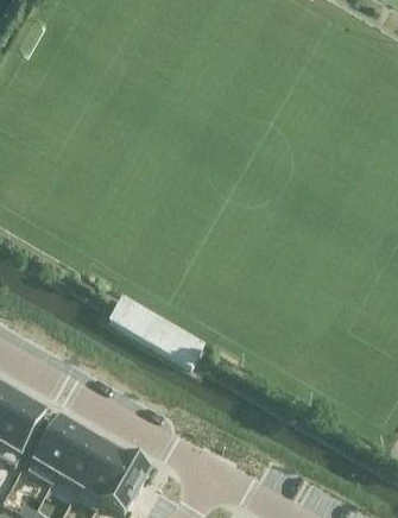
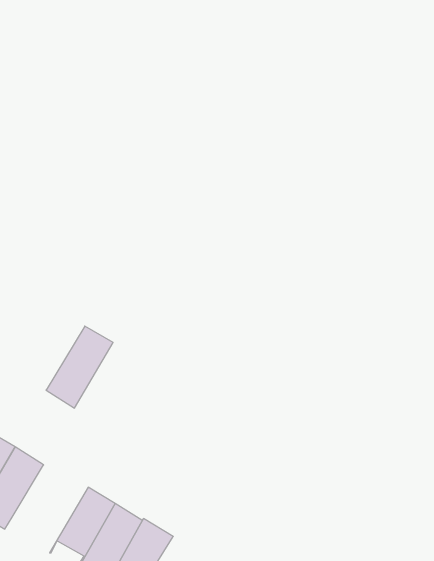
building: [27,417,81,482] -> [46,326,113,408]

